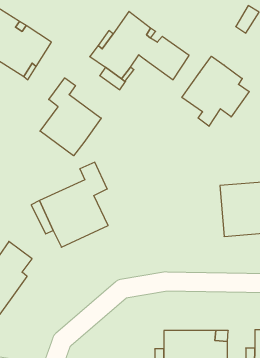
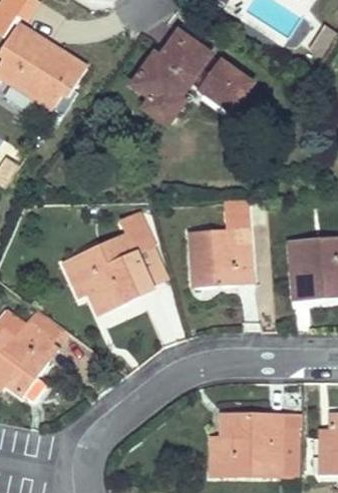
building: [182,56,249,126] -> none
building: [40,78,101,156] -> none
building: none -> [190,202,252,287]

